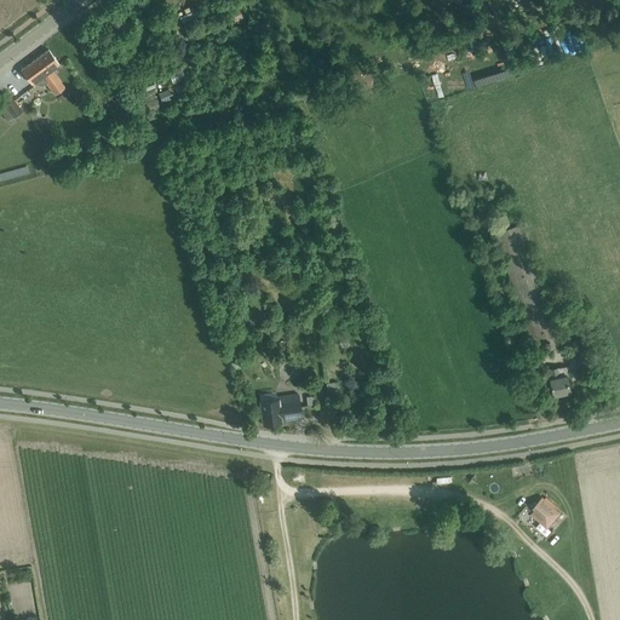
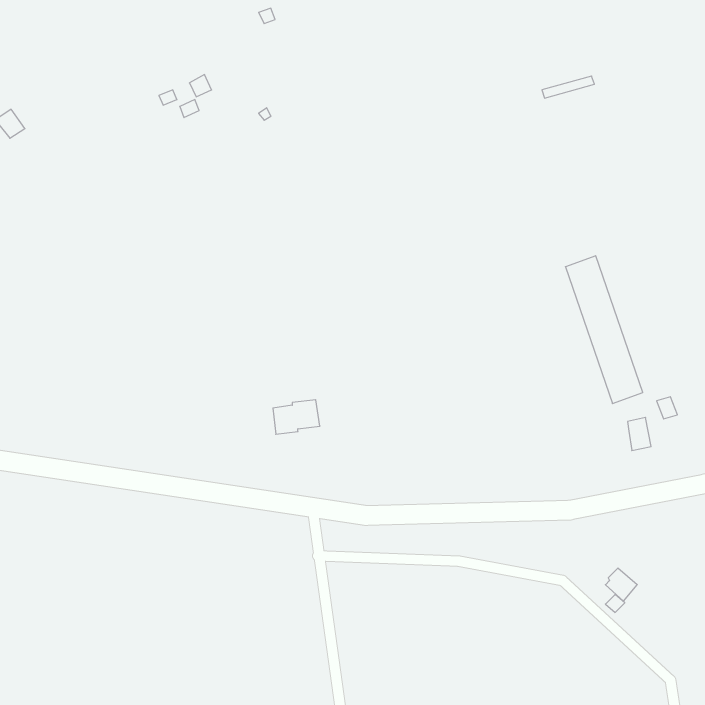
building: [21,51,64,98] -> none
building: [259,395,300,425] -> [273,400,320,434]

